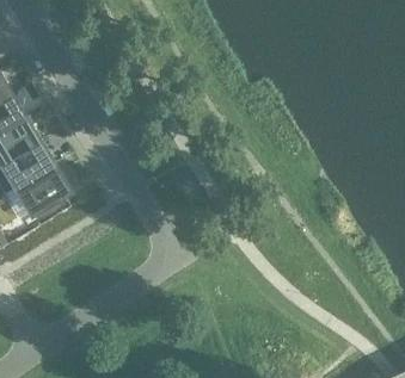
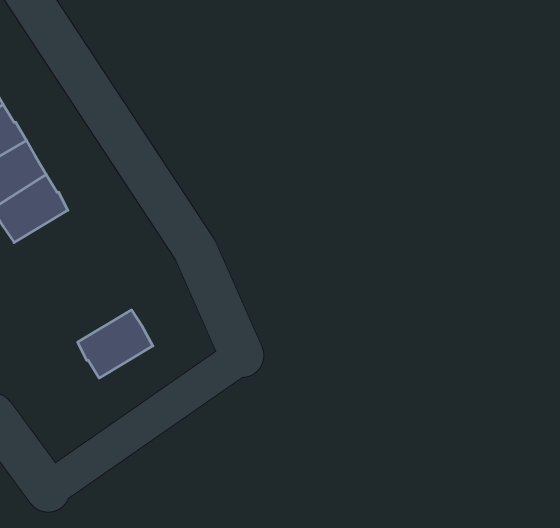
building: [16,165,66,210] -> [78,310,153,378]

